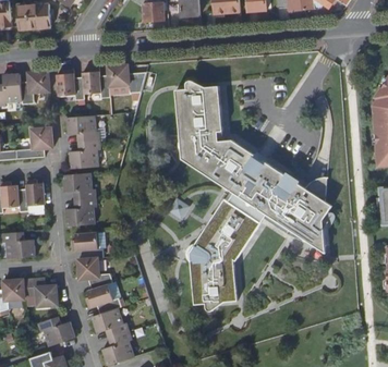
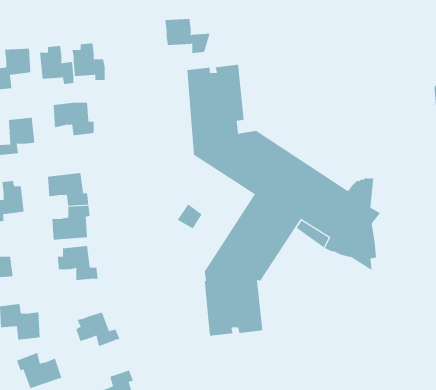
building: [107,65,144,94] -> [164,18,210,53]
building: [69,140,101,169] -> none
building: [77,258,112,288] -> none
building: [90,307,129,337] -> none

